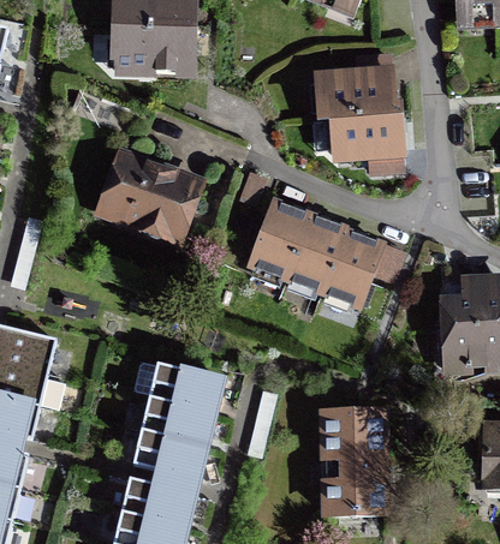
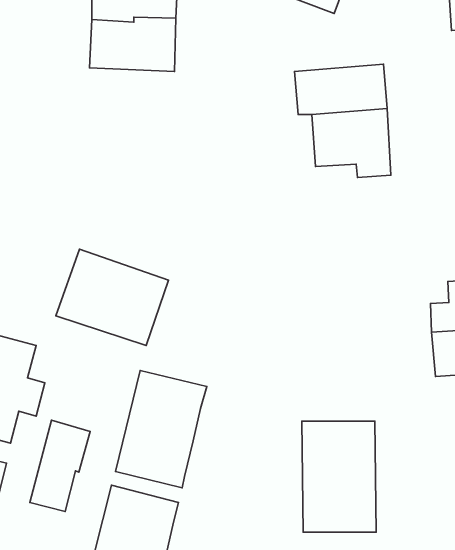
building: [95,151,204,245] -> [56,249,168,346]
building: [246,197,386,304] -> none
building: none -> [30,420,90,512]

